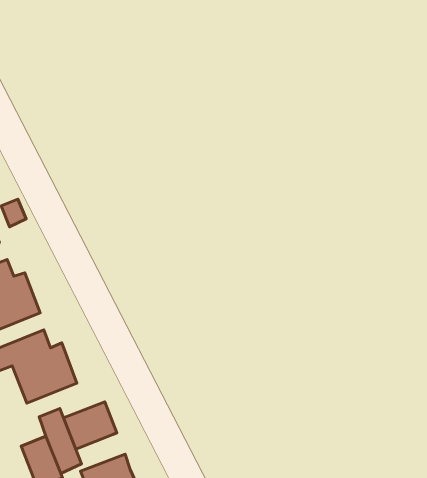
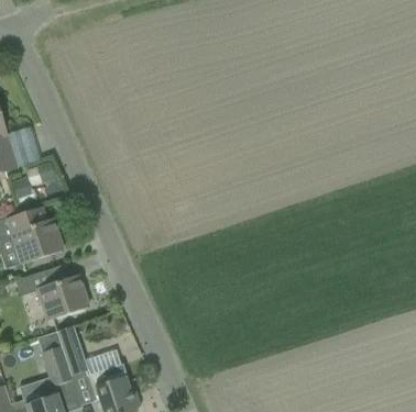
building: [64,402,117,449] -> none

